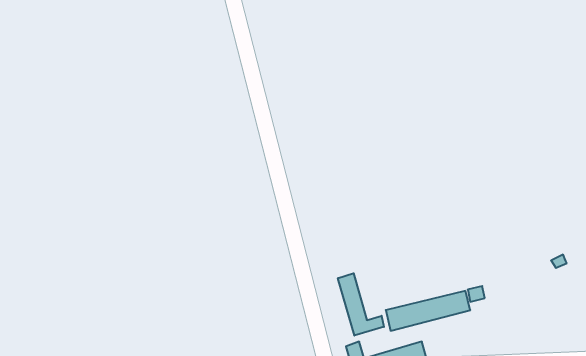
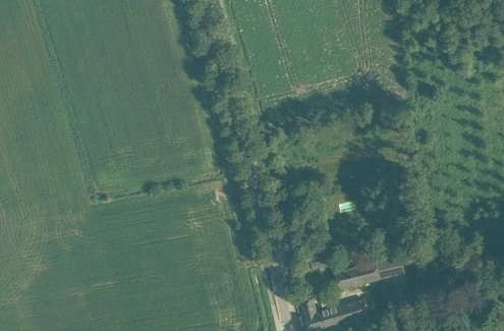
building: [338,273,384,336] -> none

